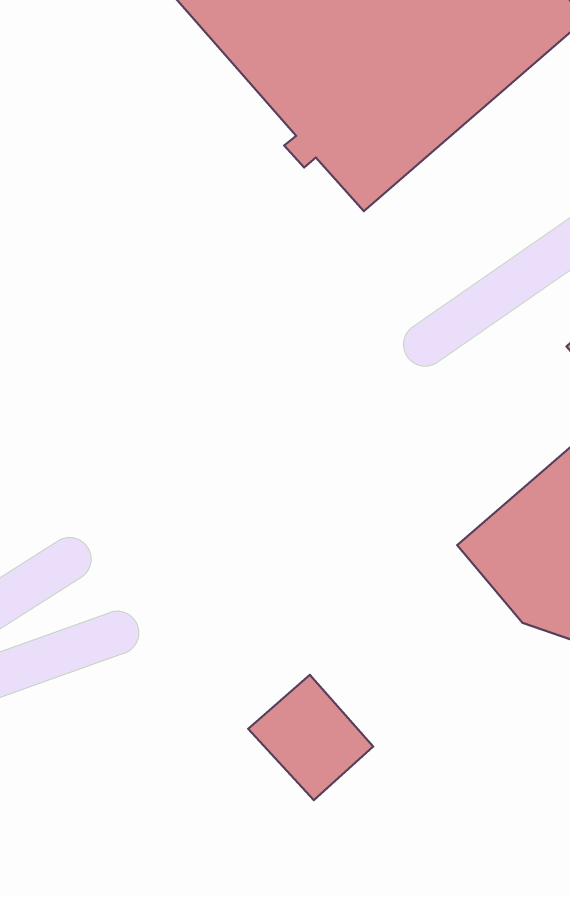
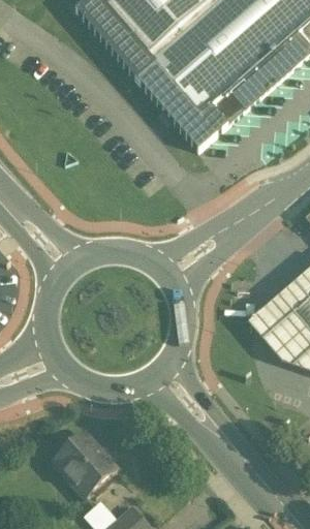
building: [248,675,373,800] -> [52,430,117,495]

